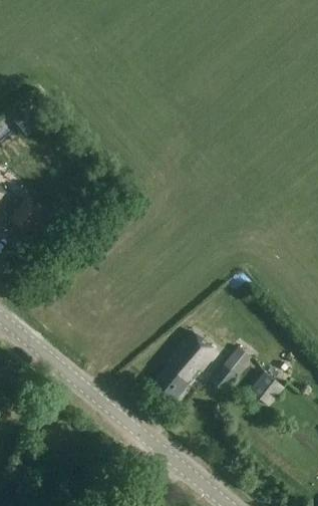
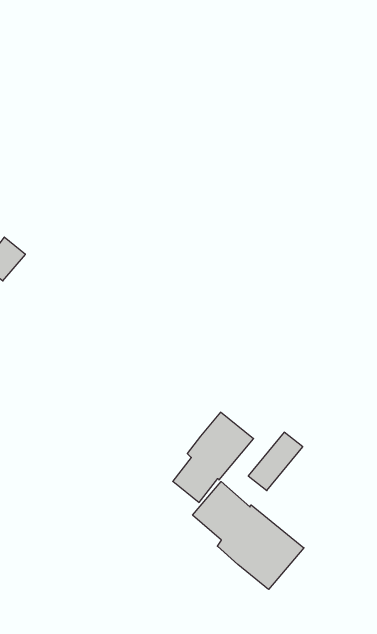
building: [249,372,285,408] -> none
building: none -> [193,482,304,589]

